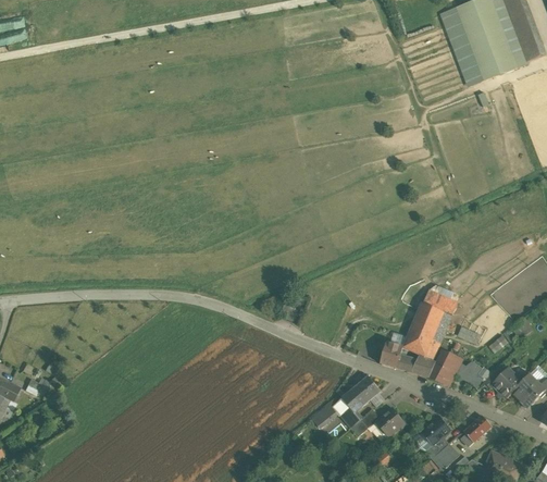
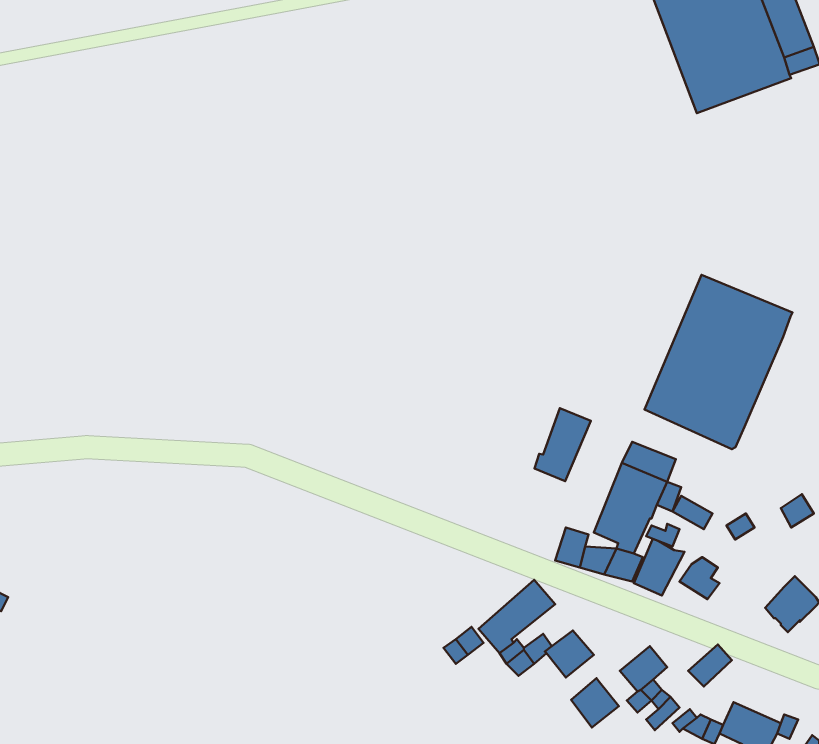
building: none -> [644,275,793,449]
building: none -> [534,408,591,481]
building: [493,369,523,398] -> none
building: none -> [571,678,619,727]

